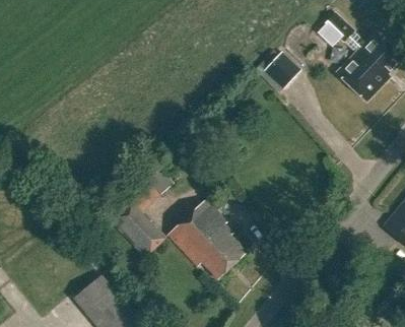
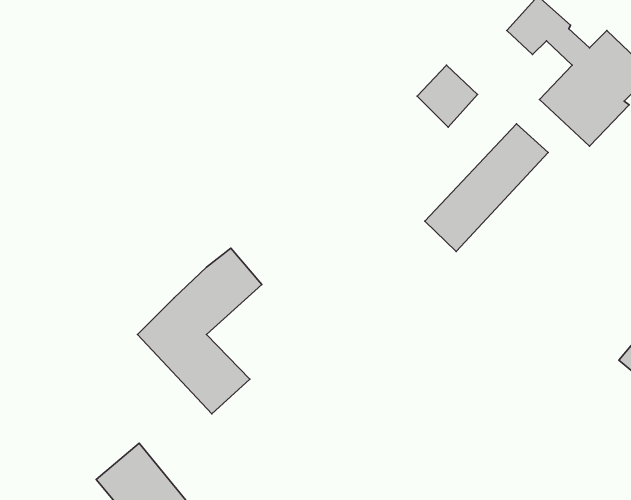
building: none -> [425,124,548,252]
building: [168,200,248,279] -> none

